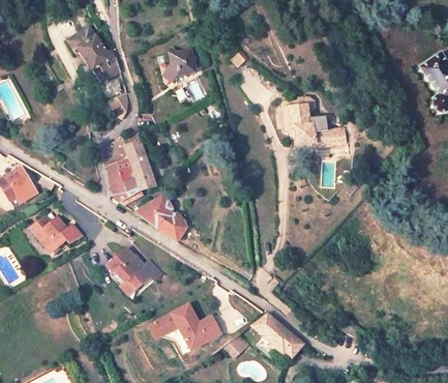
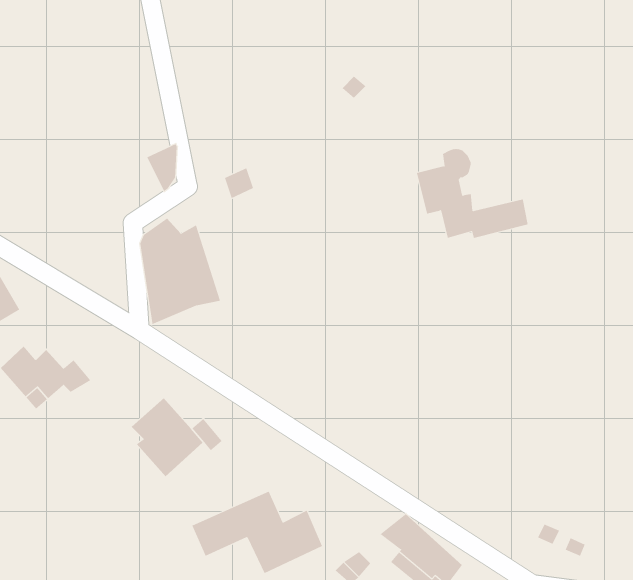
building: [69,24,124,85] -> none
building: [168,50,200,87] -> none
building: [135,197,188,242] -> none

